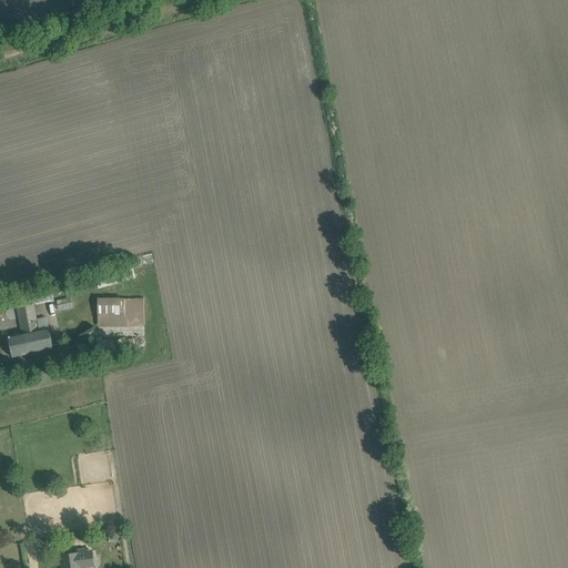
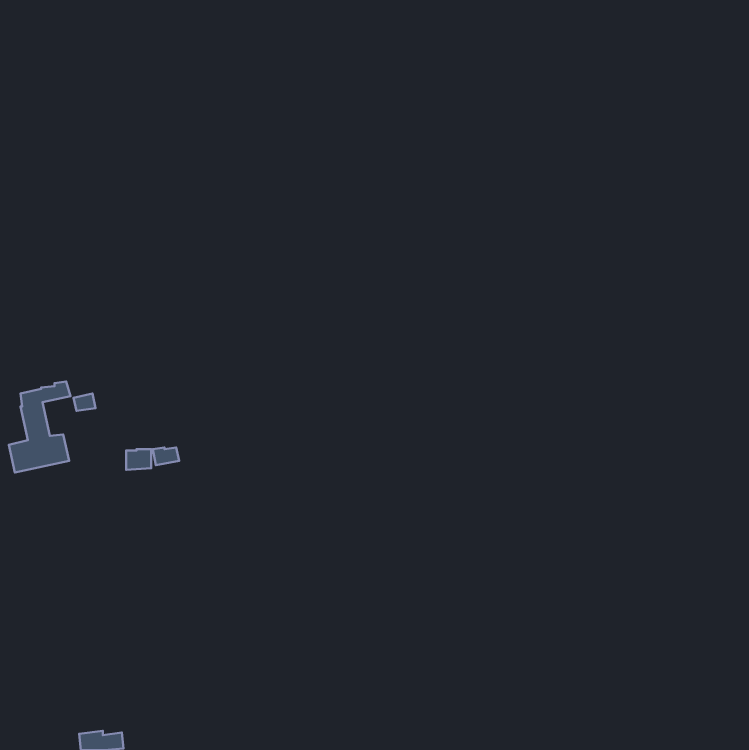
building: [98,298,144,326] -> none

